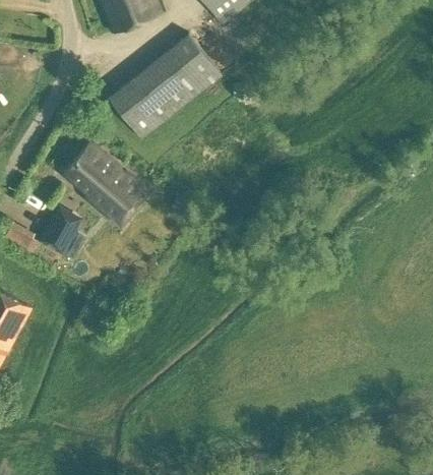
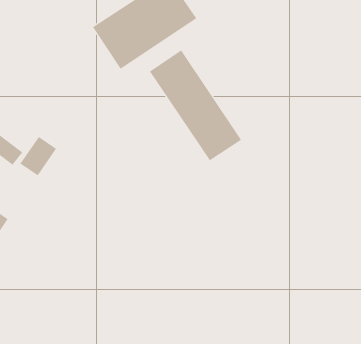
building: none -> [149,50,242,161]
building: [62,142,148,227] -> none

